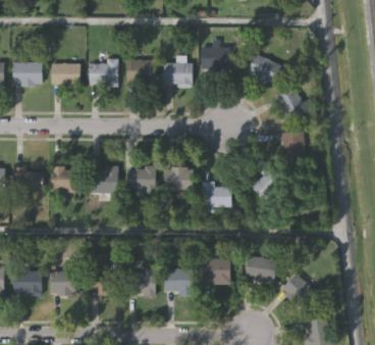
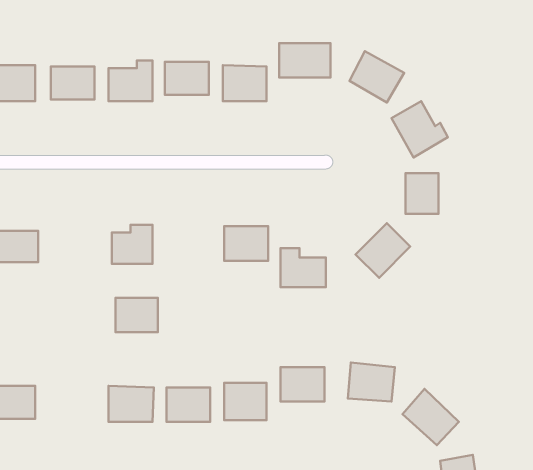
building: [51,167,79,190] -> none
building: [127,167,155,190] -> [116,298,158,332]
building: [50,270,79,295] -> none

